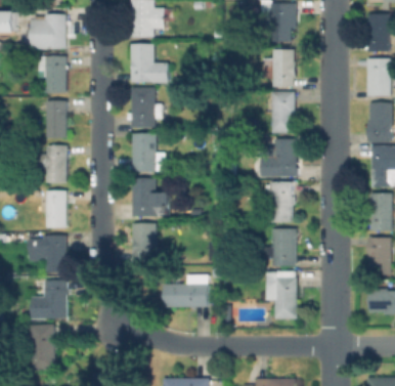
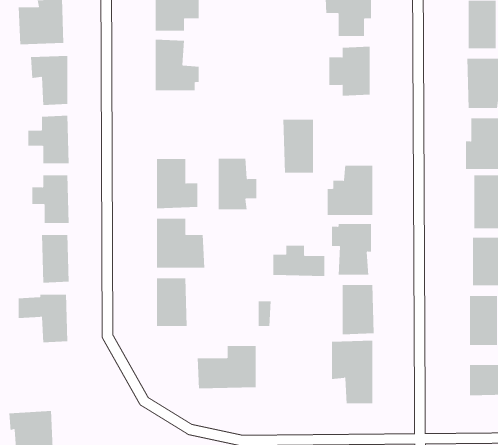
building: [133,89,163,128] -> [218,158,257,210]
building: [272,92,296,133] -> [283,119,314,173]
building: none -> [273,245,325,277]
building: [31,282,71,320] -> none

